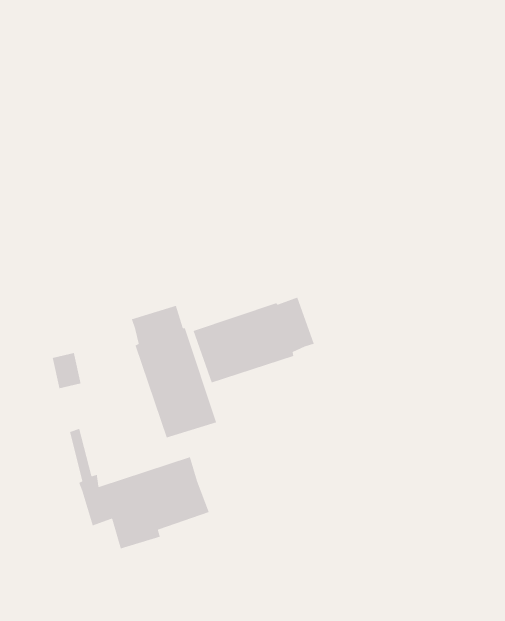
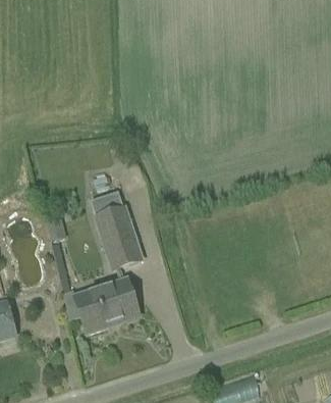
building: [192,297,315,384] -> none

